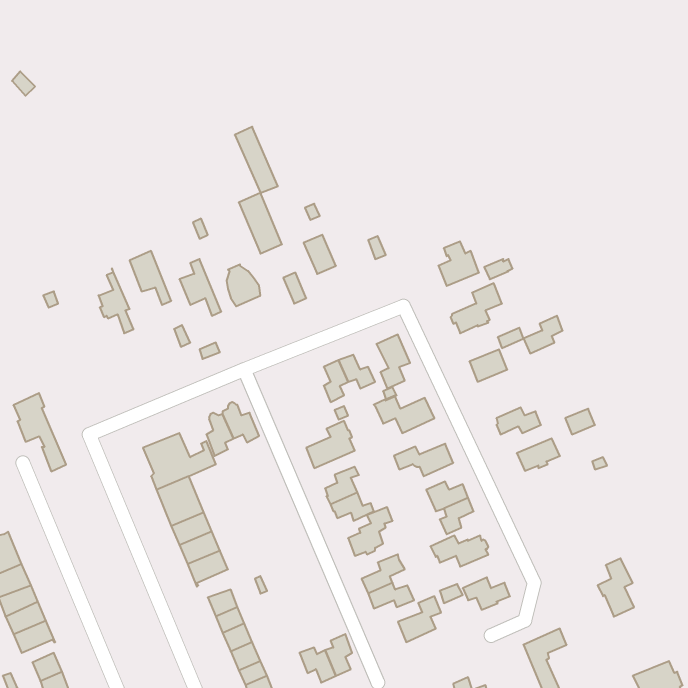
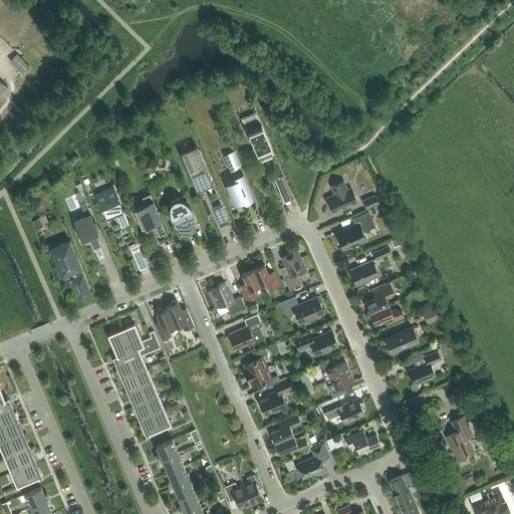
building: [235,127,278,193] -> [241,113,273,163]
building: [523,316,563,353] -> [364,284,394,312]
building: none -> [208,282,245,314]
building: [13,393,66,471] -> [50,240,89,298]
building: none -> [408,351,439,386]

